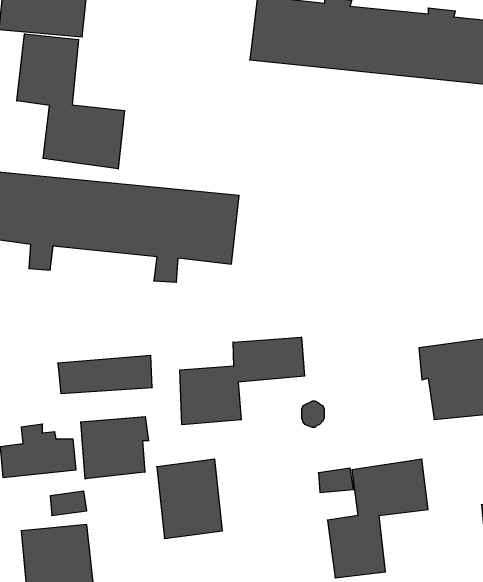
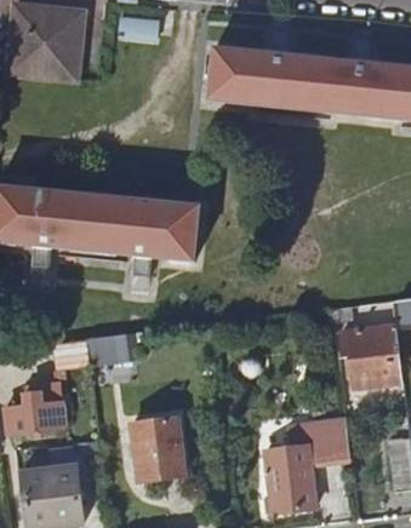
building: [17,34,124,169] -> none
building: [180,337,305,425] -> none
building: [81,417,149,479] -> none

